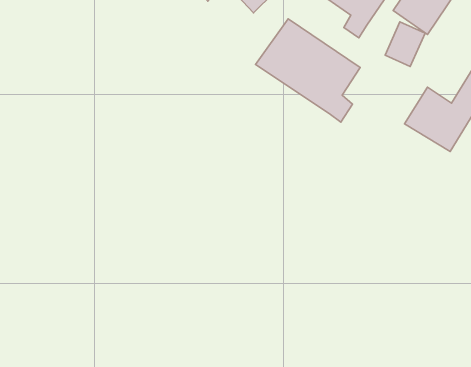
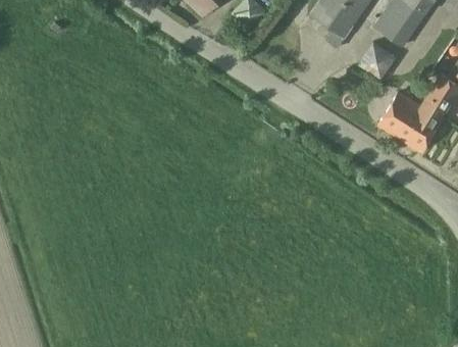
building: [255,19,360,122] -> none

